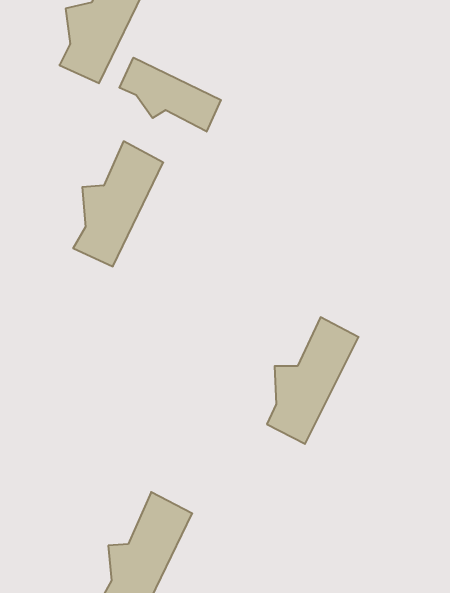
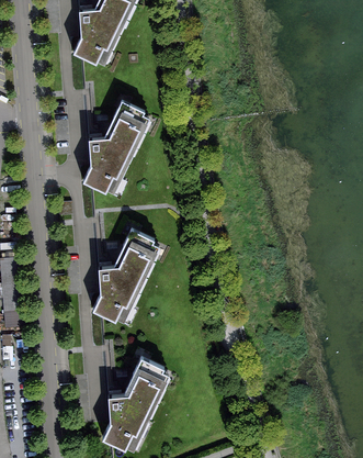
building: [119,58,221,132] -> none
building: [267,317,359,444] -> [94,232,160,323]

